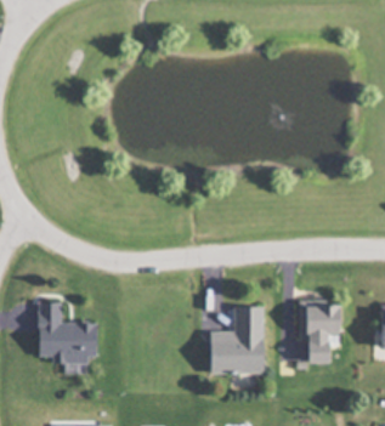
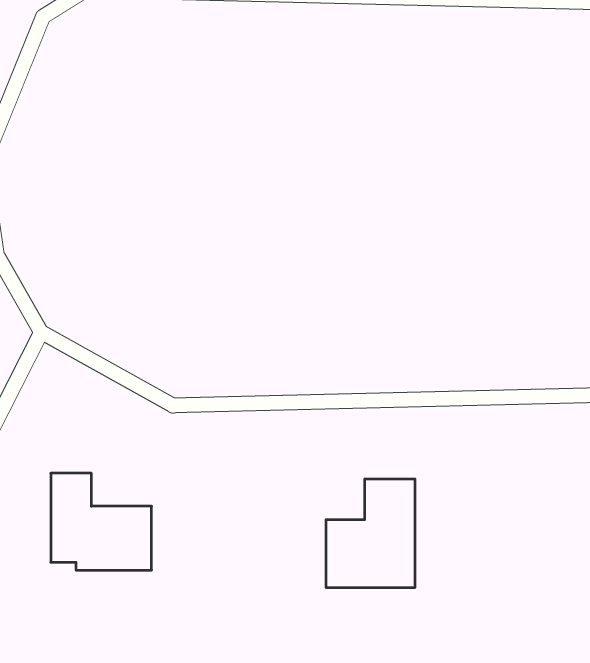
building: [302,307,335,363] -> none

